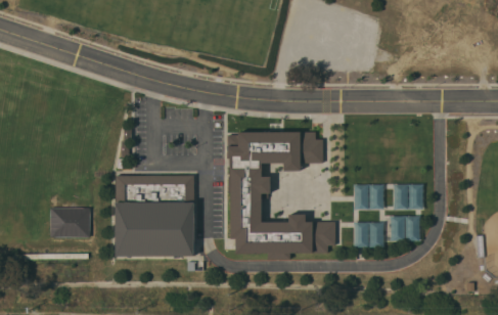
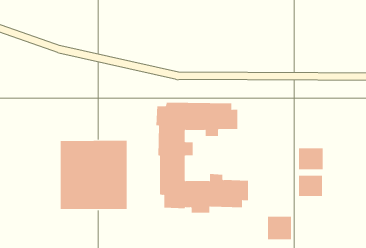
building: [354,184,382,211] -> none
building: [50,209,88,238] -> none
building: [353,218,381,245] -> [267,216,292,240]

